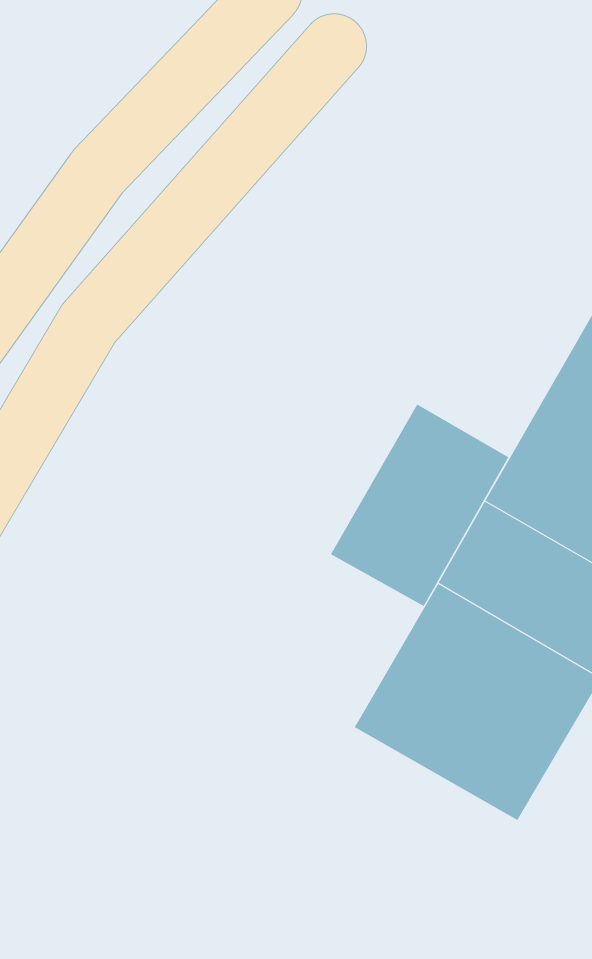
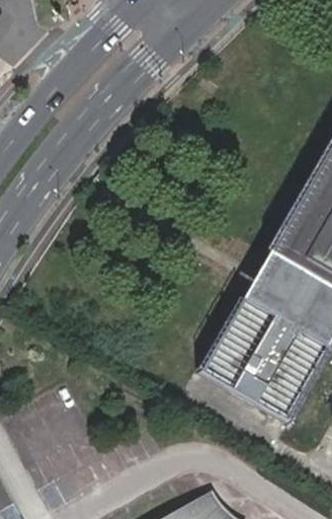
building: [330,403,509,607] -> none

